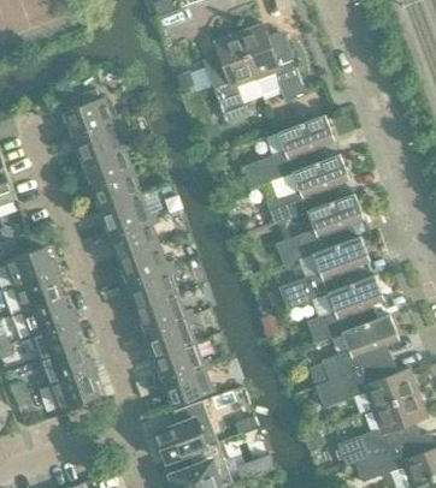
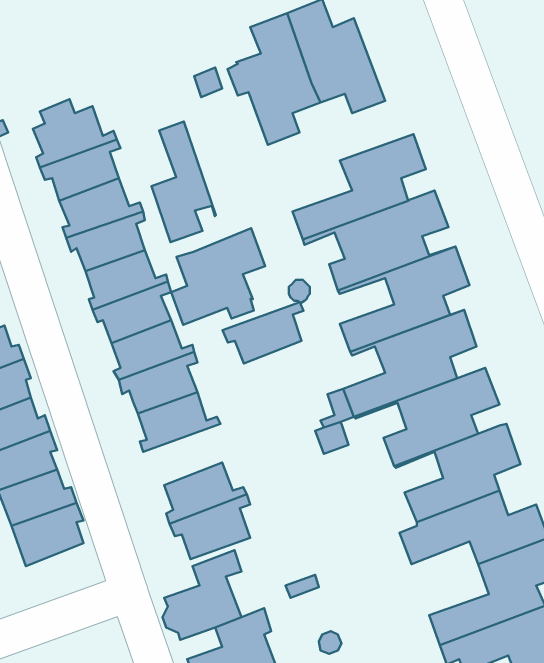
building: none -> [151,121,216,242]
building: none -> [171,228,265,325]
building: [140,313,195,355] -> [223,302,303,364]

